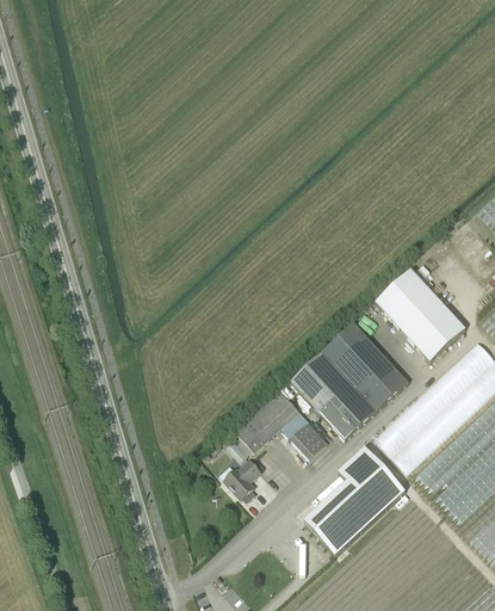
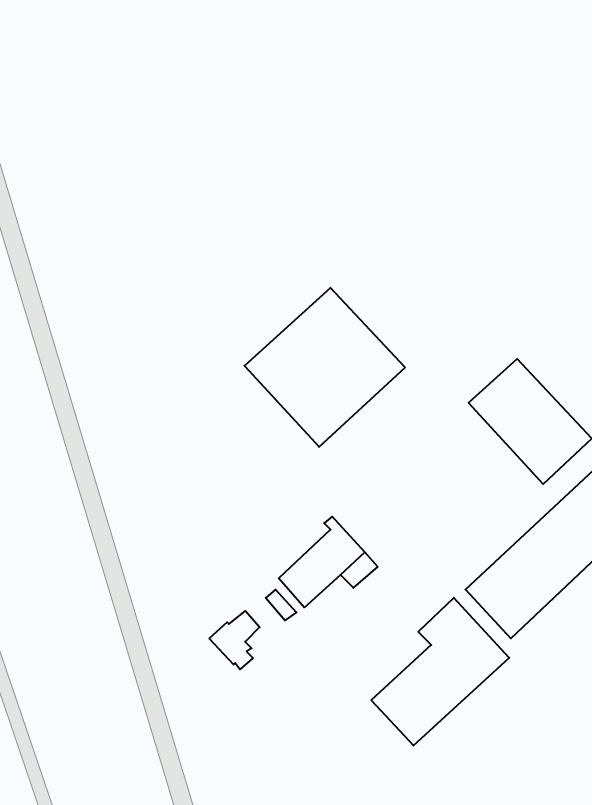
building: [290,322,408,439] -> [244,288,405,447]
building: [290,422,327,459] -> none
building: [223,459,260,502] -> [209,611,260,669]

